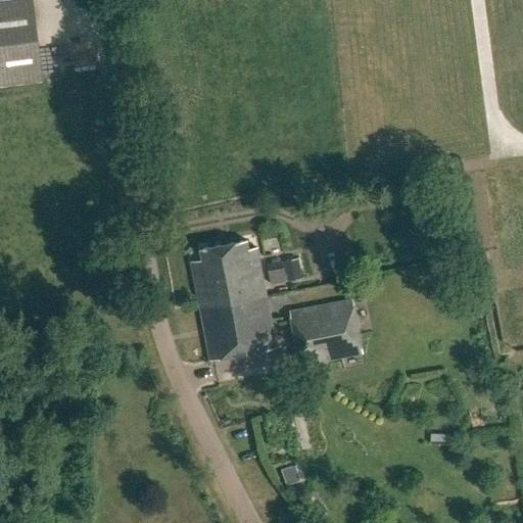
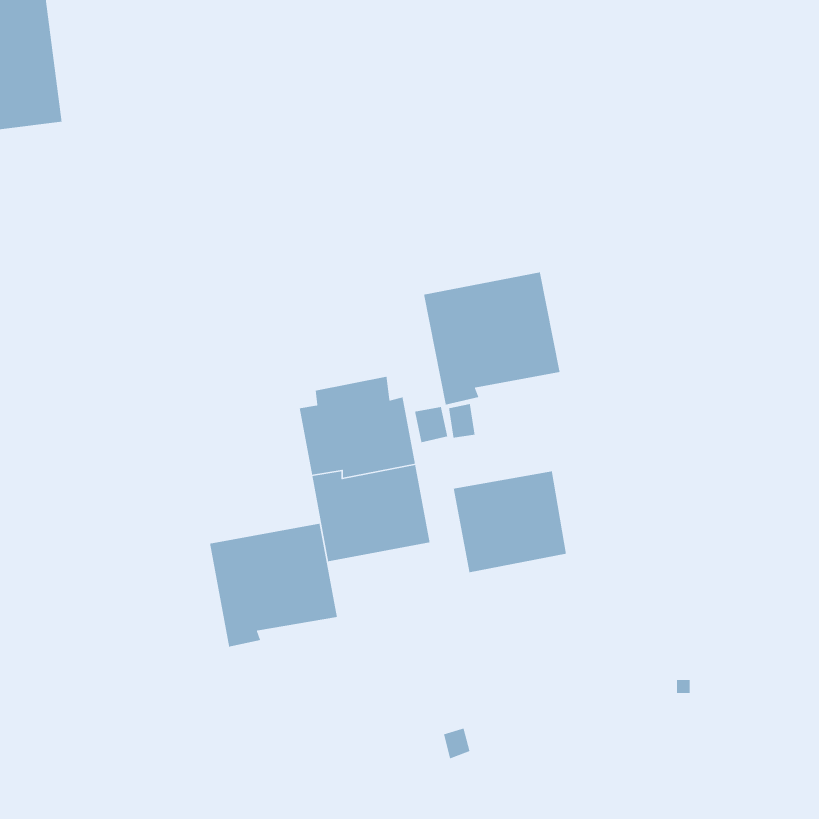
building: none -> [423,271,560,405]
building: none -> [209,523,338,647]

